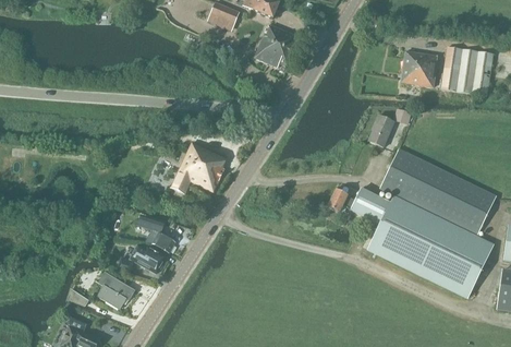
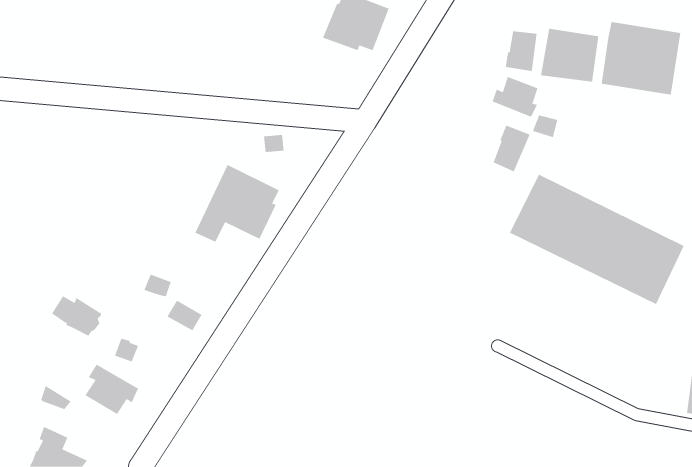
building: none -> [505,30,537,72]
building: none -> [492,76,538,118]
building: [327,187,492,296] -> none
building: [131,244,165,272] -> [51,296,102,336]

